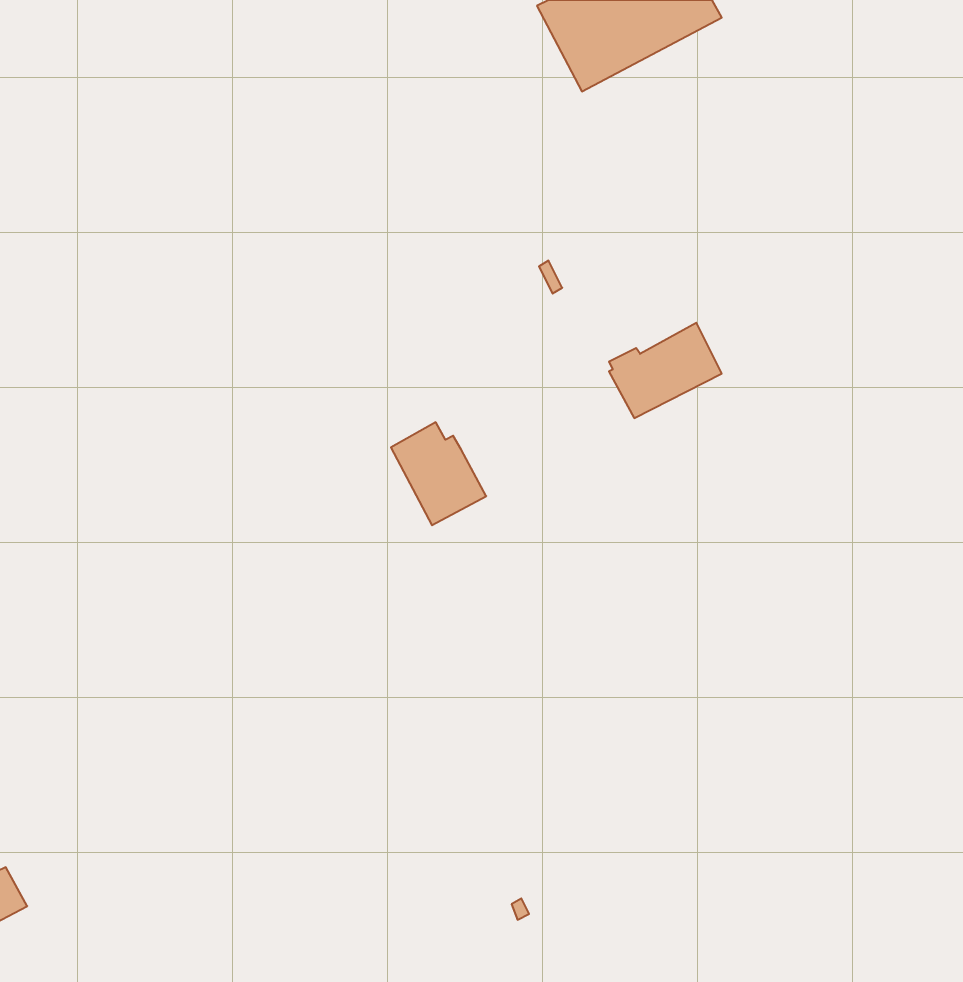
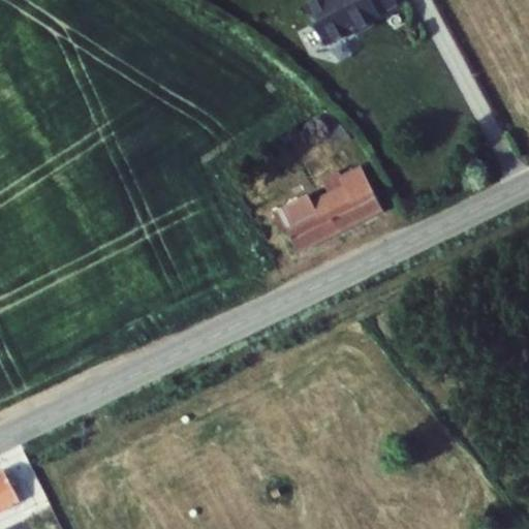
building: [391,422,486,525] -> [286,189,337,244]

